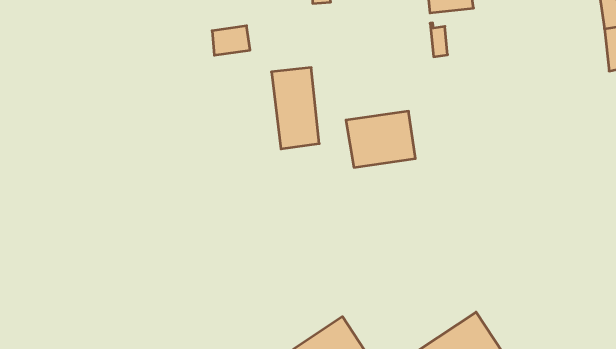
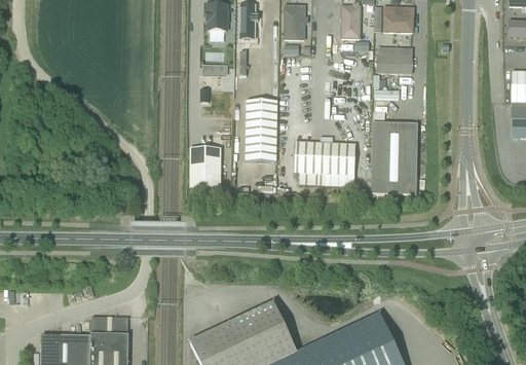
building: none -> [366,130,413,192]
building: none -> [191,147,223,188]

